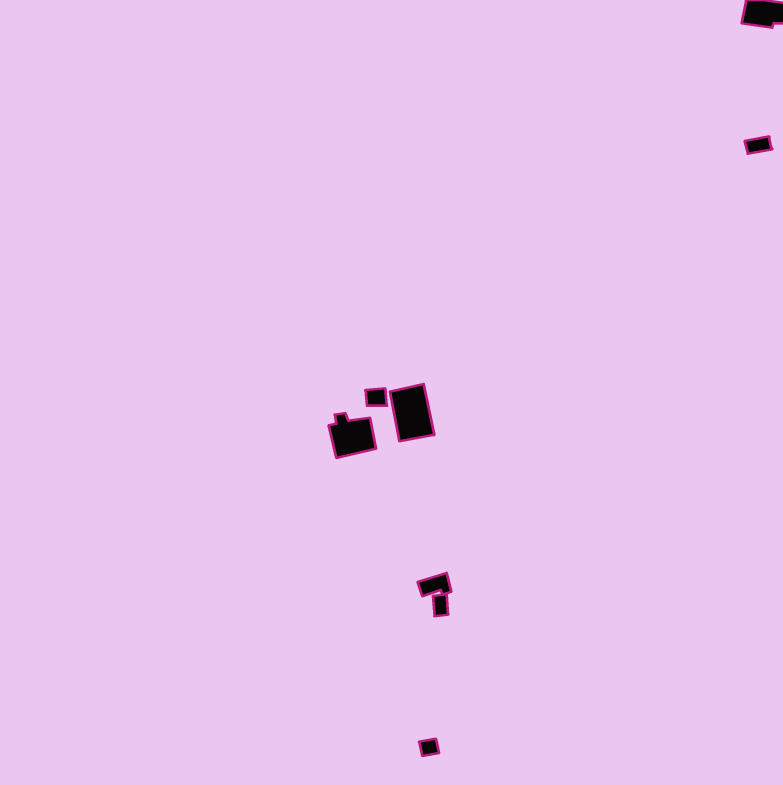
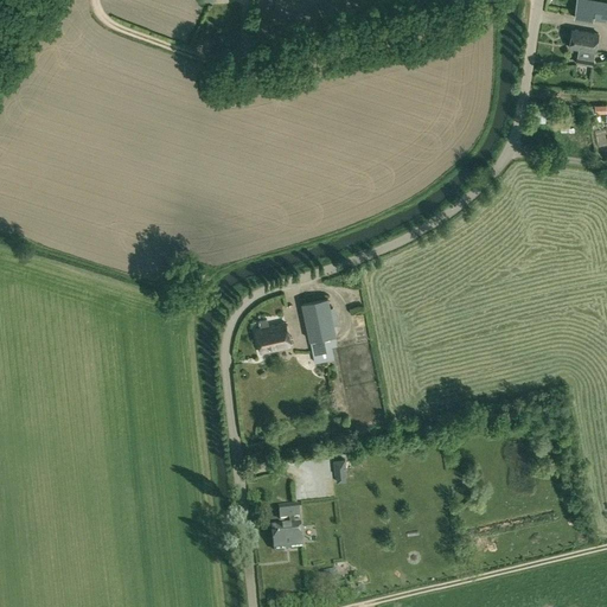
building: none -> [570,30,599,65]
building: none -> [273,506,304,550]

